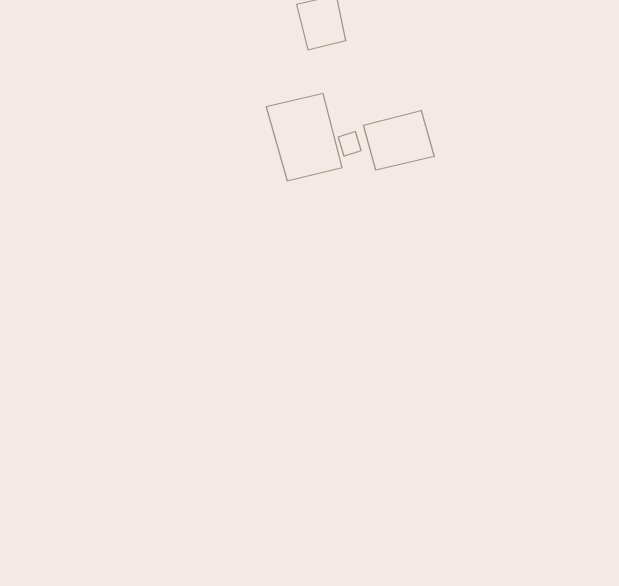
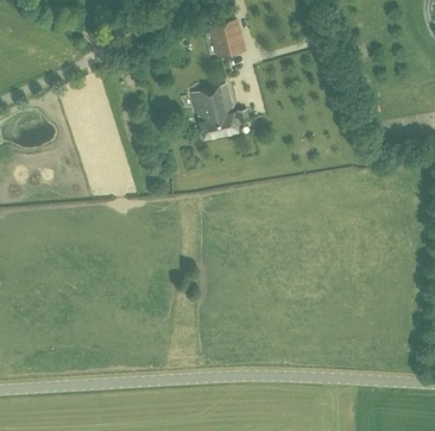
building: [364,110,434,170] -> none

